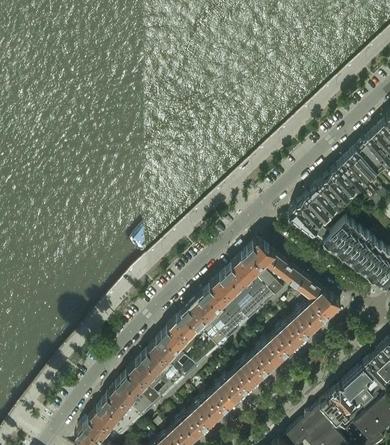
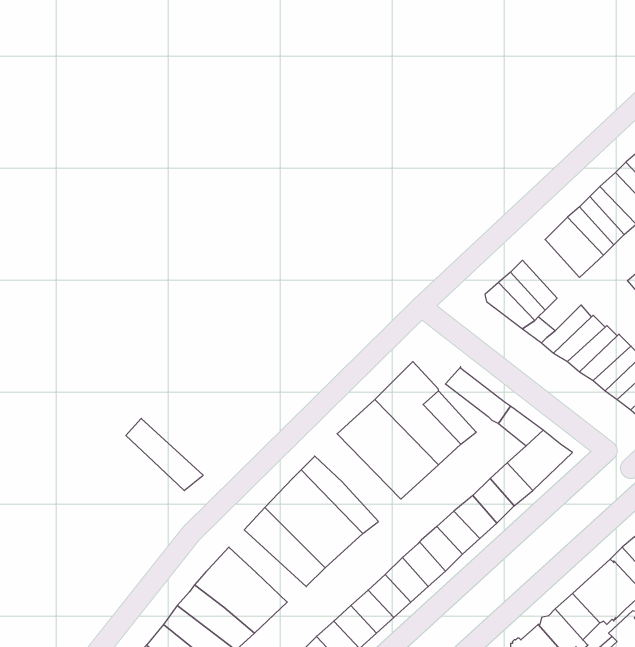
building: [311,182,344,216] -> none
building: [247,244,275,269] -> none
building: [190,295,240,346] -> none
building: [140,351,185,393] -> [126,418,203,491]

